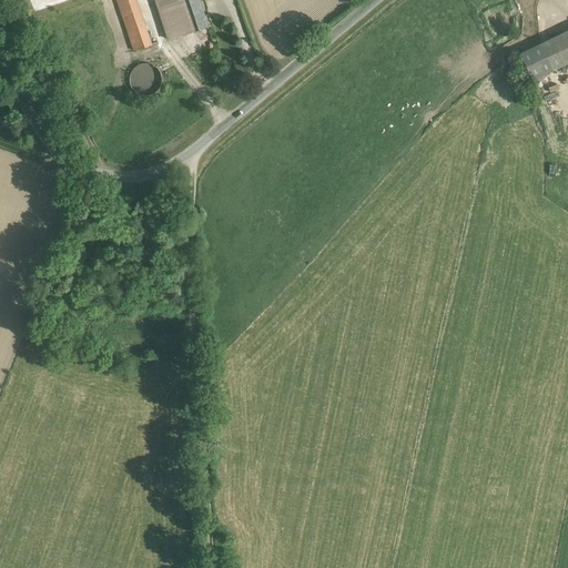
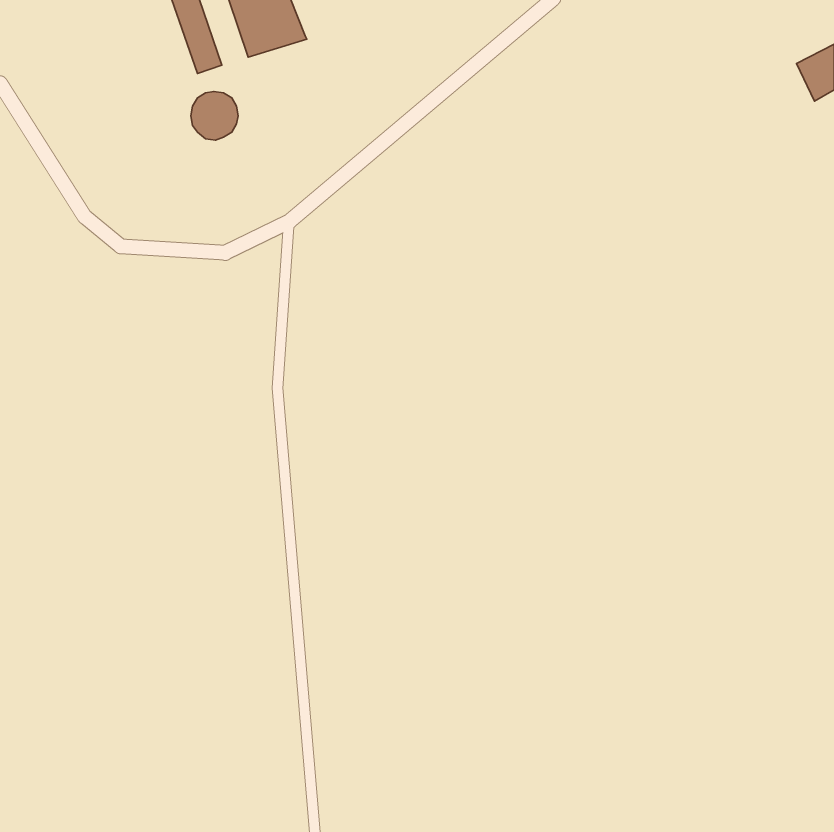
building: [521,43,554,78] -> none

